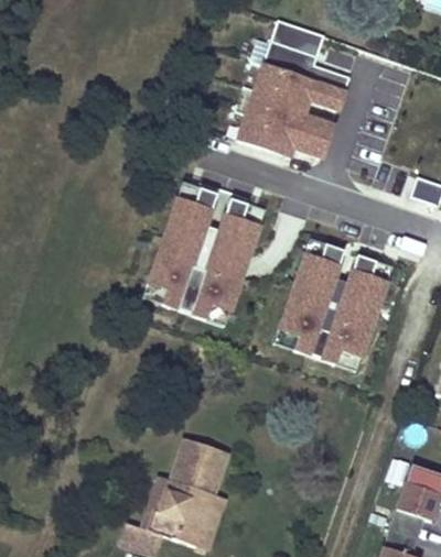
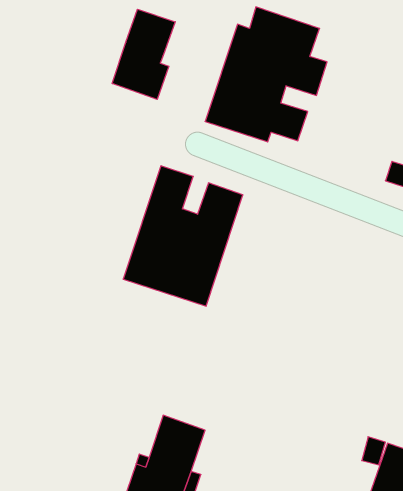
building: none -> [112,9,175,99]
building: [272,238,391,371] -> none

